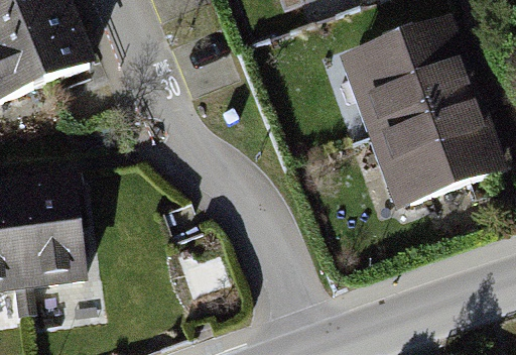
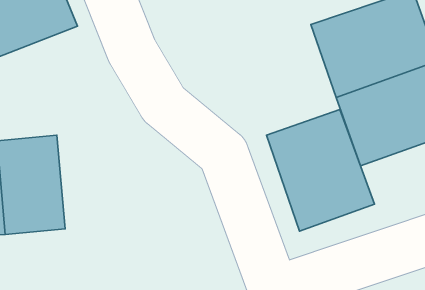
building: none -> [266,109,374,231]

